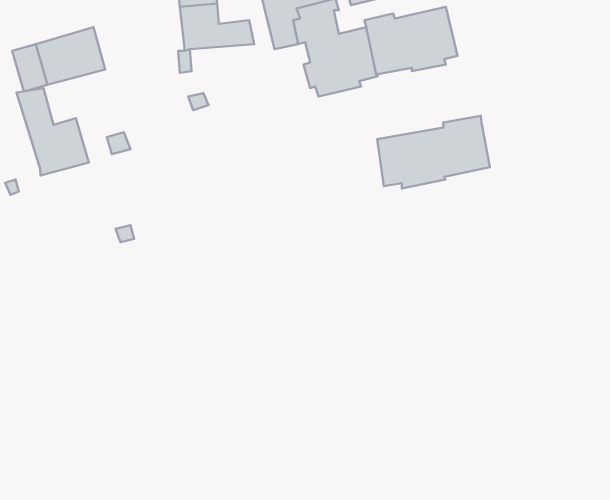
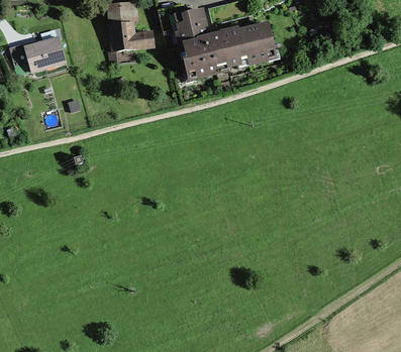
building: [16,88,89,175] -> none
building: [377,116,490,188] -> none

